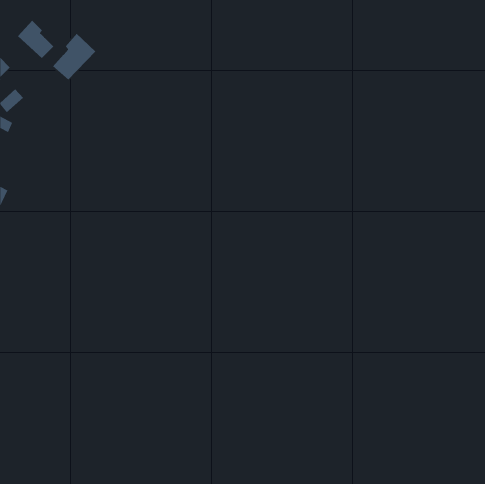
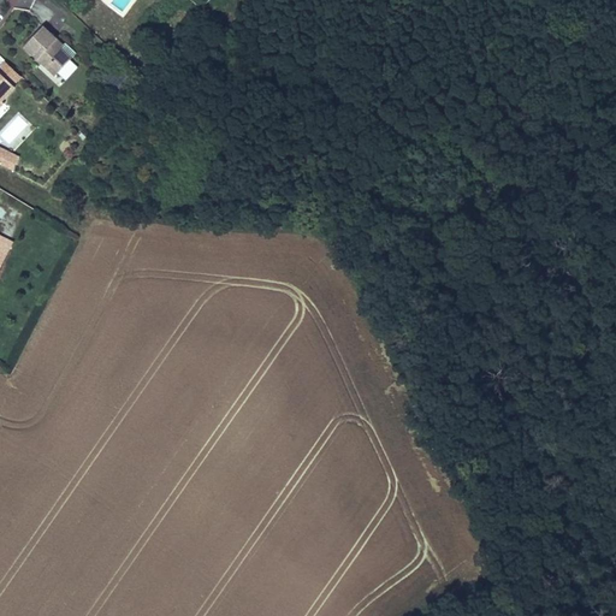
building: [52,33,96,81] -> none

